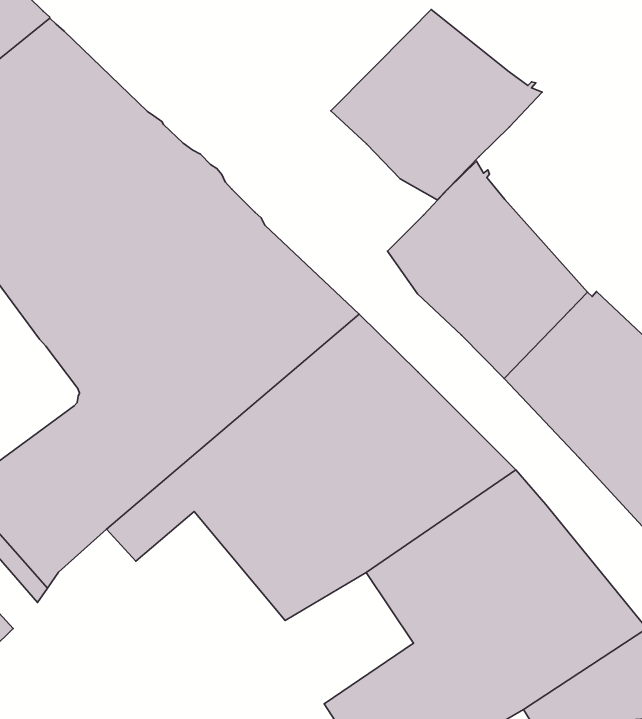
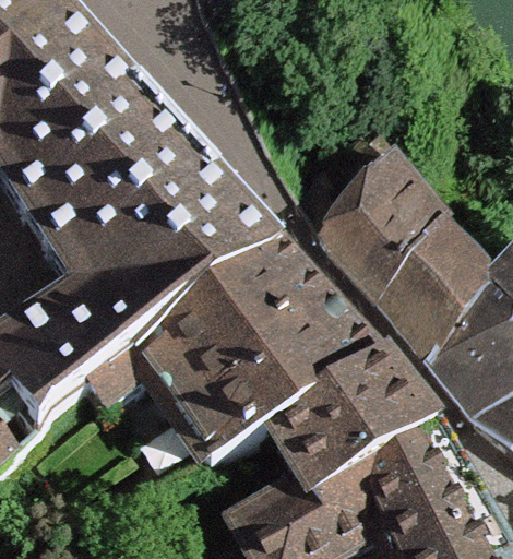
building: [331,9,542,200] -> none

